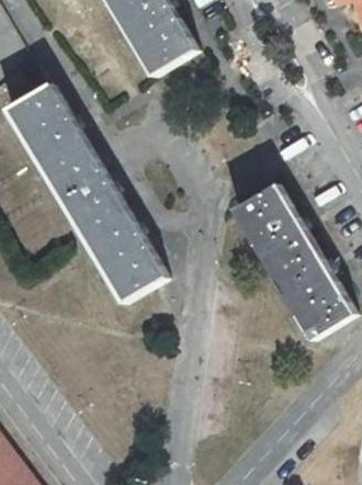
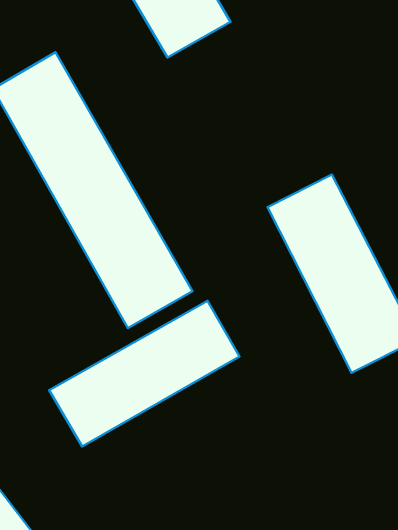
building: none -> [49,301,239,447]

